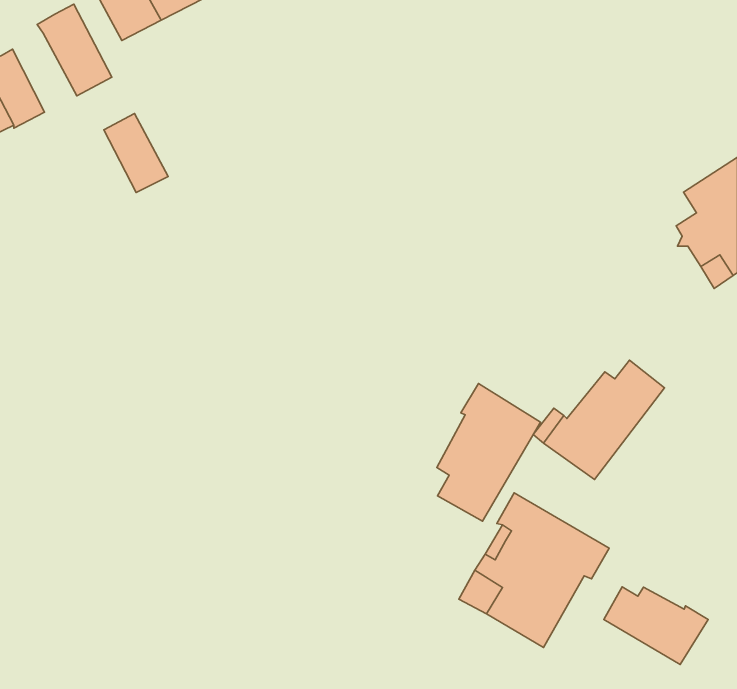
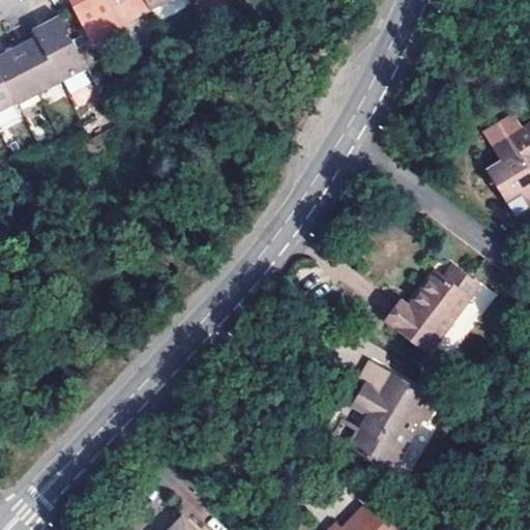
building: [104,114,168,192] -> [14,35,60,91]
building: [437,384,540,521] -> none
building: [604,587,708,664] -> none

